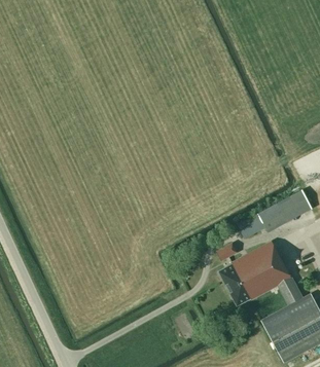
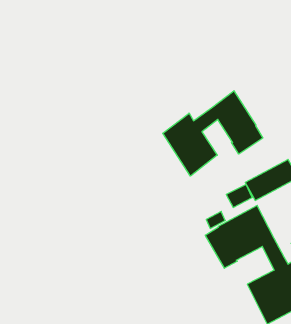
building: none -> [163,91,263,176]

